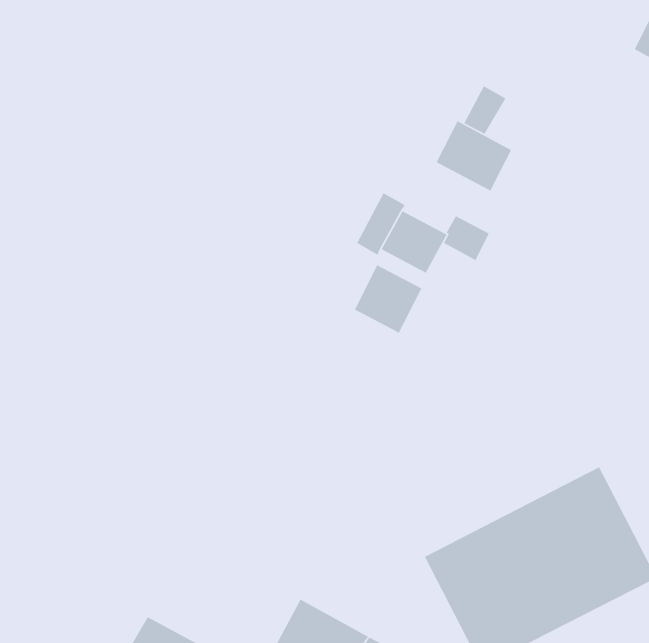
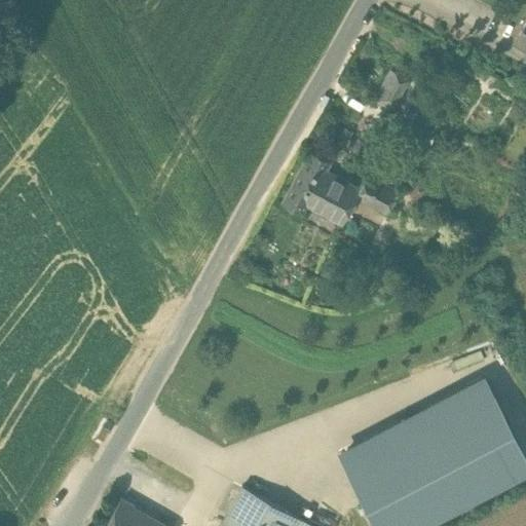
building: [436,120,512,192] -> none
building: [354,264,423,334] -> none

